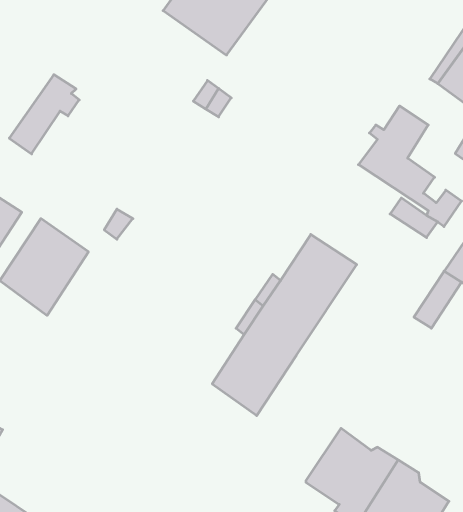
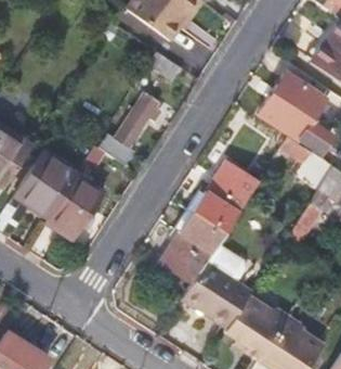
building: [9,75,79,154] -> [115,91,162,145]
building: none -> [45,173,104,239]
building: none -> [181,243,250,329]

